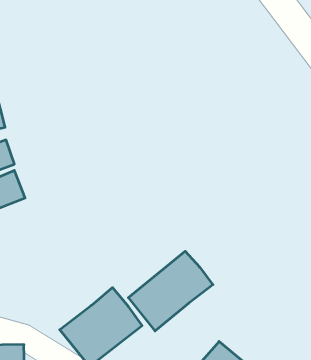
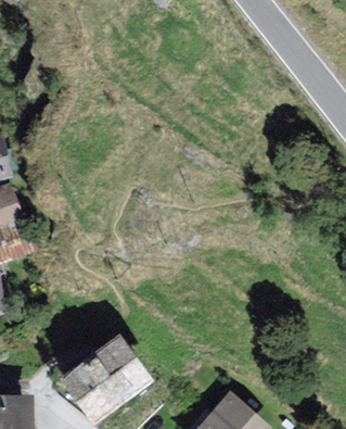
building: [128,251,213,331] -> none

